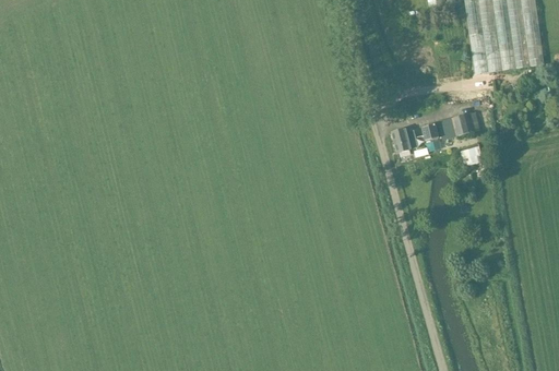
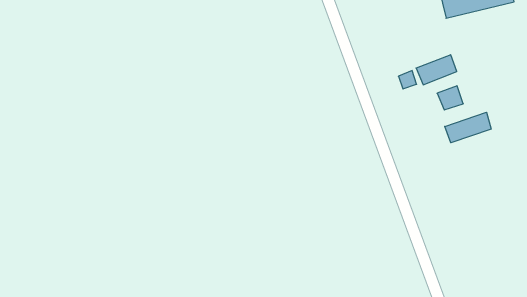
building: [393,128,418,153] -> none
building: none -> [445,112,491,143]

